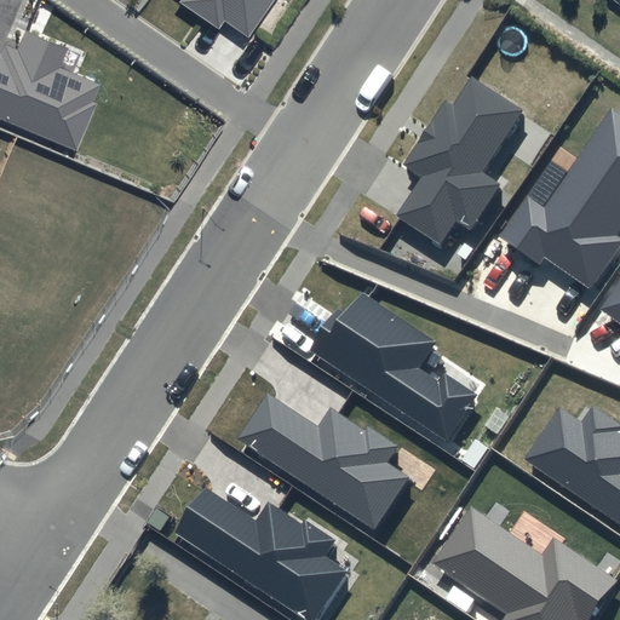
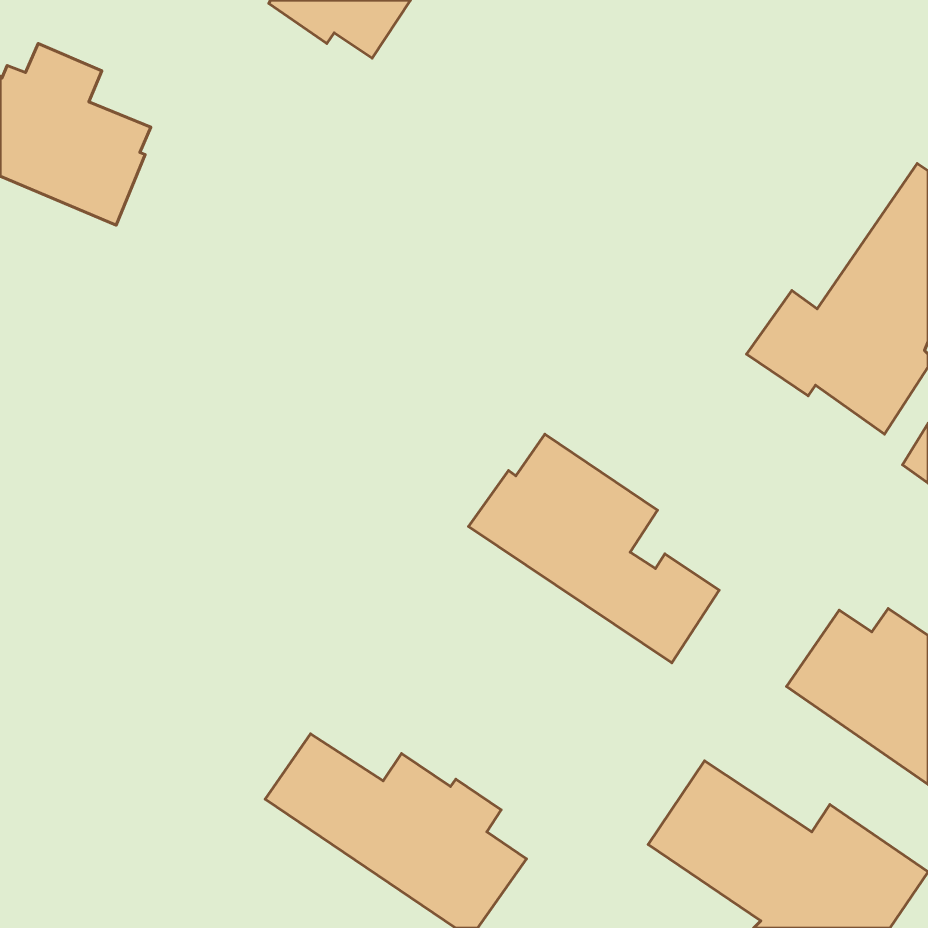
building: [397,75,524,243] -> none
building: [239,395,411,529] -> none

